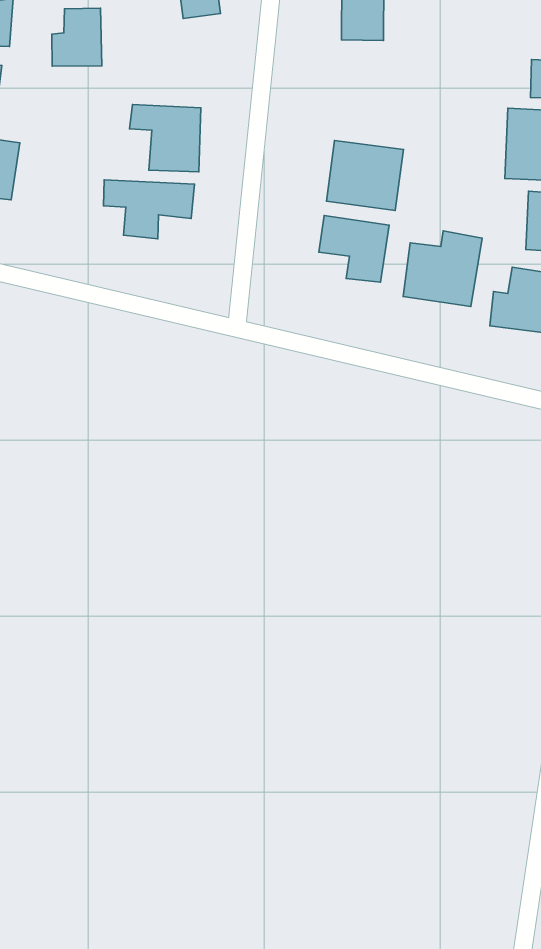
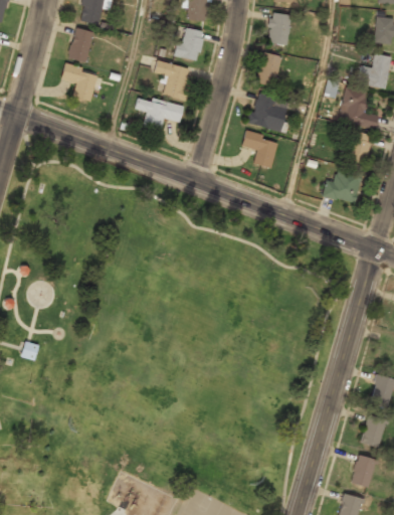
building: [52,8,102,66] -> [174,29,202,60]
building: none -> [256,52,281,87]
building: [403,231,482,307] -> none

